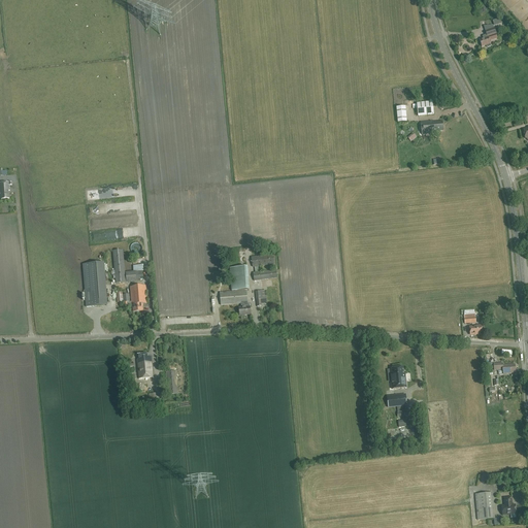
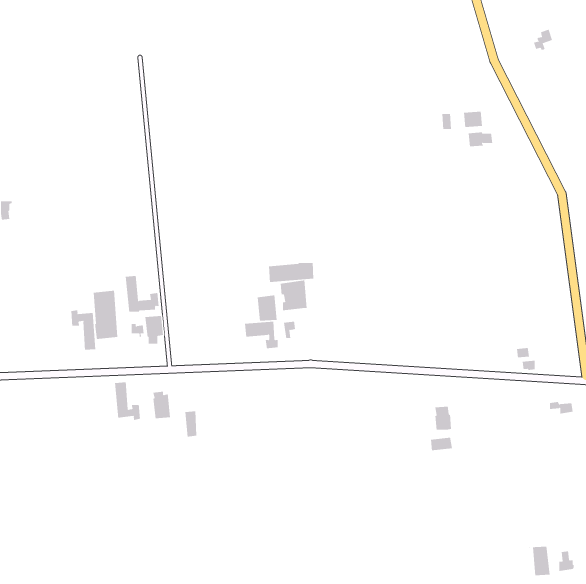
building: none -> [269,262,314,283]
building: none -> [71,309,96,350]
building: none -> [114,382,140,421]

